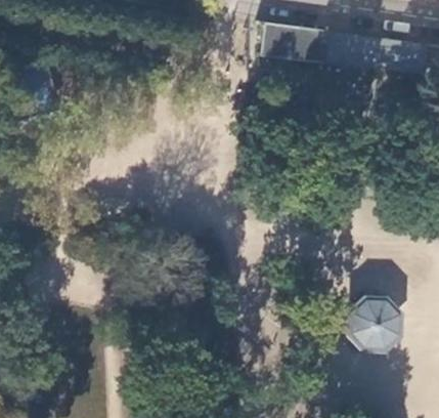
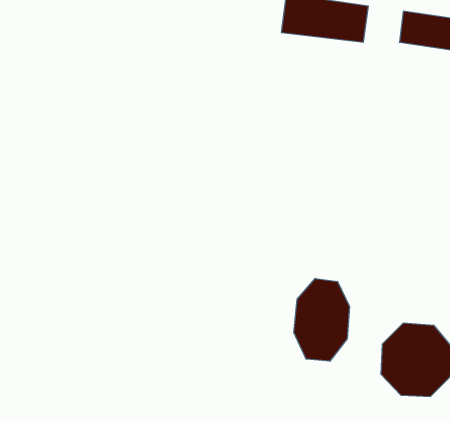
building: [331,34,363,67] -> none
building: none -> [294,278,349,361]

